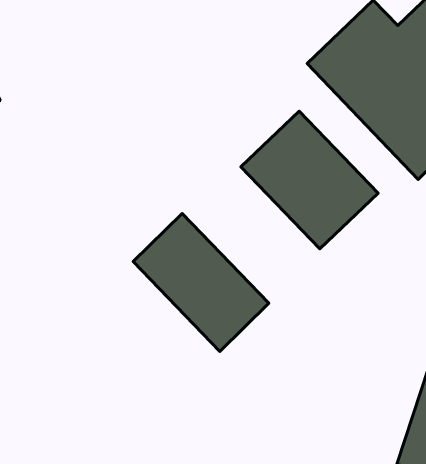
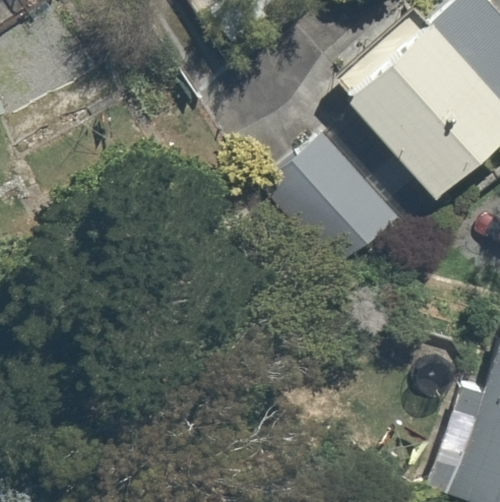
building: [133,213,269,352] -> none

